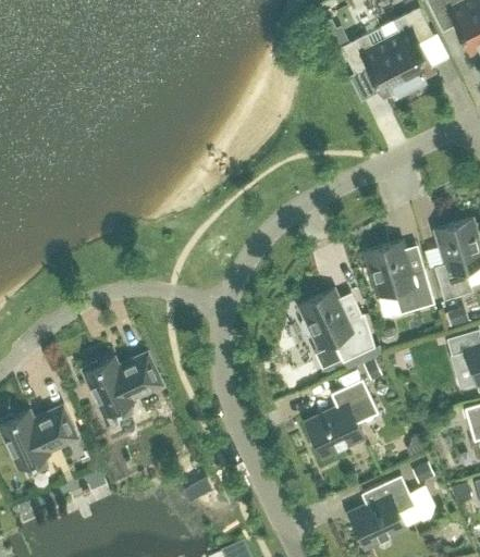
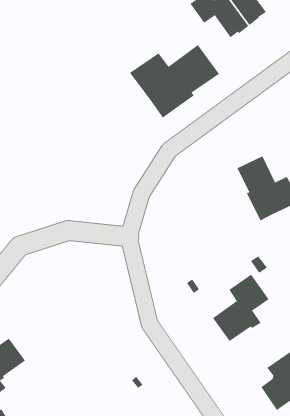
building: none -> [129,44,220,119]
building: [300,290,376,371] -> none
building: [83,354,162,422] -> none

